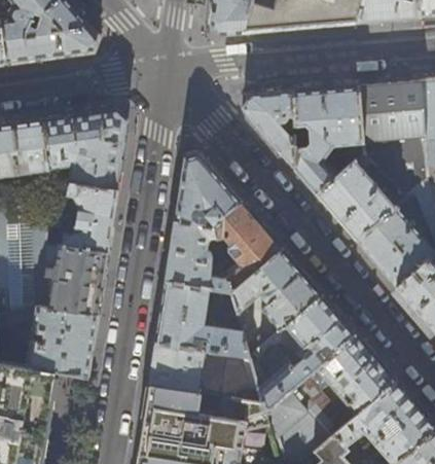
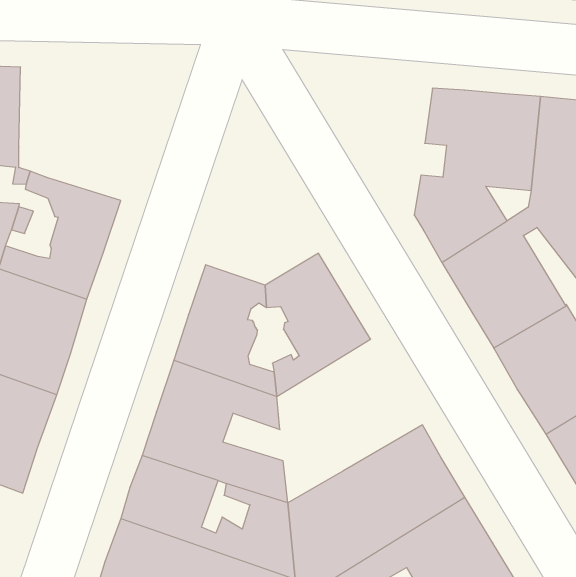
building: [242,92,294,170] -> none
building: [42,111,126,191] -> none
building: [174,153,241,227] -> none
building: [230,249,321,331] -> none

